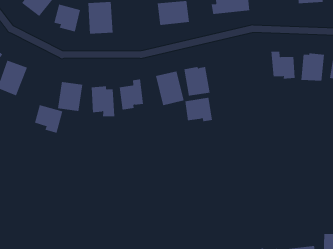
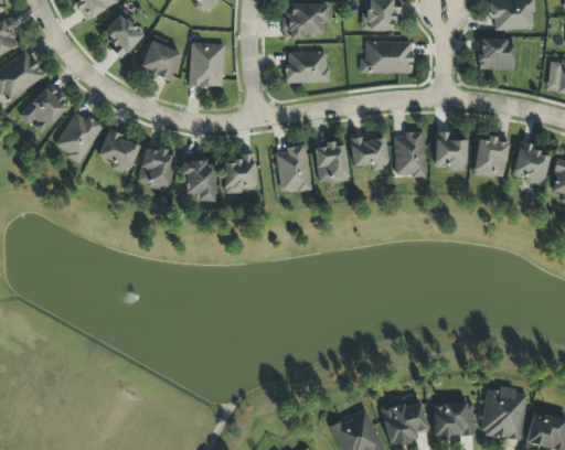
building: none -> [394,131,426,175]
building: [184,97,213,122] -> [351,136,387,169]
building: [34,105,63,134] -> [99,130,140,172]

